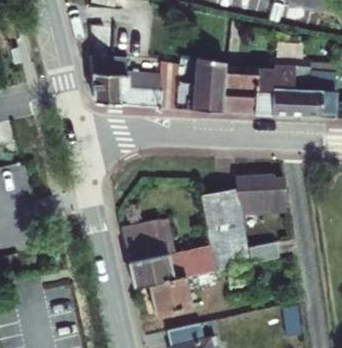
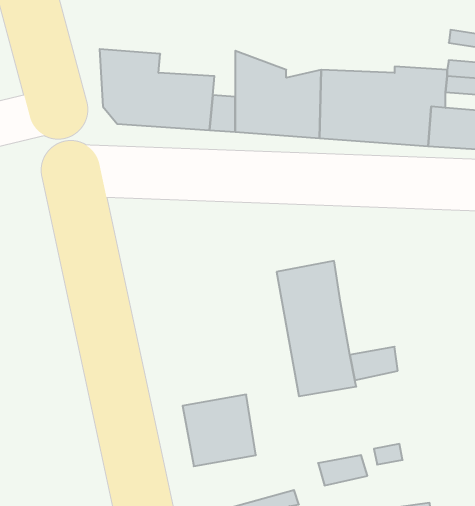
building: [239,175,290,215] -> none
building: [118,216,216,284] -> none

